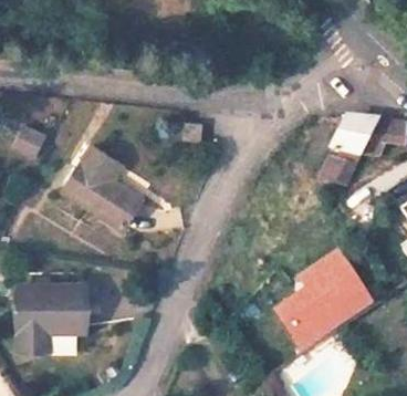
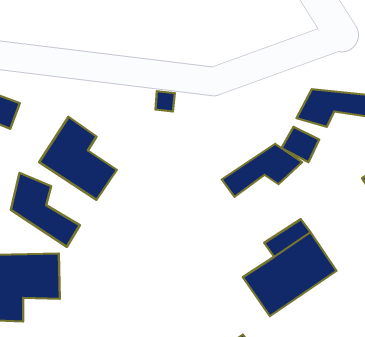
building: none -> [222,144,302,197]
building: none -> [11,173,80,247]

